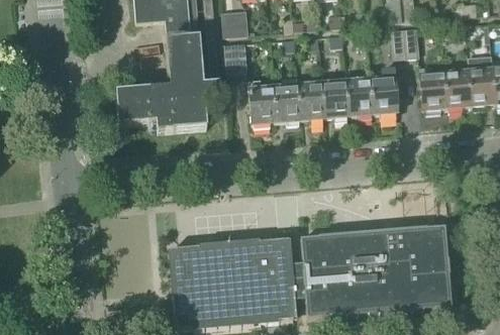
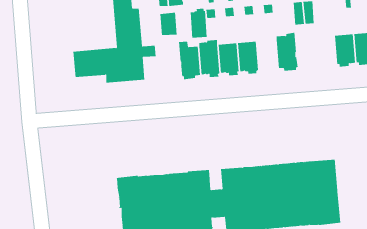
building: none -> [190,8,207,38]
building: [419,65,446,112] -> none
building: [346,73,374,117] -> none

